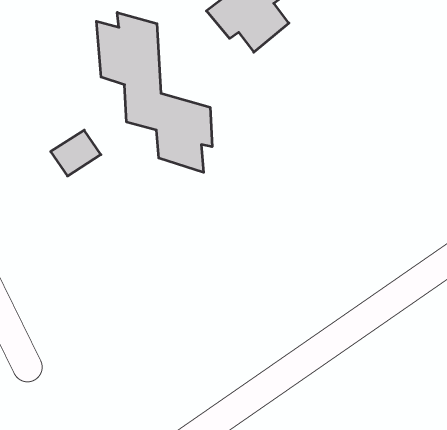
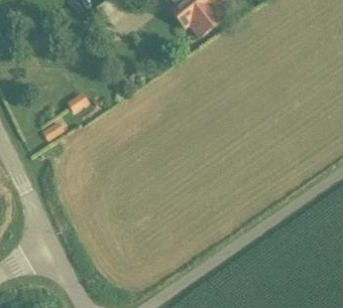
building: [96,12,212,172] -> none

